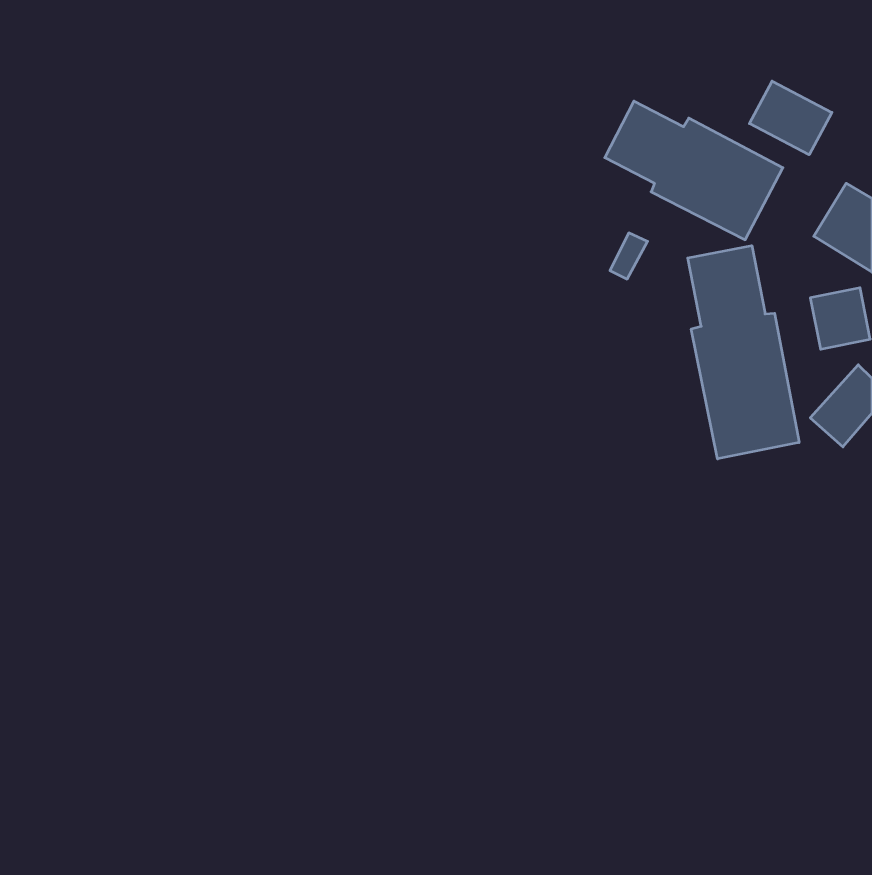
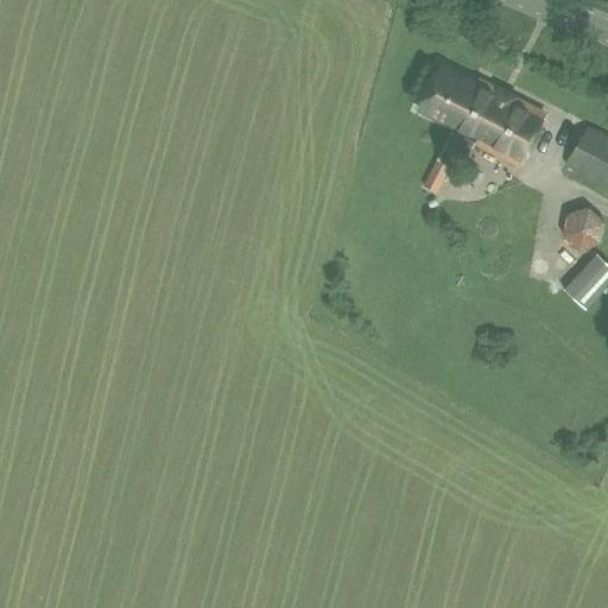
building: [749,81,832,155] -> none
building: [688,246,799,459] -> none

